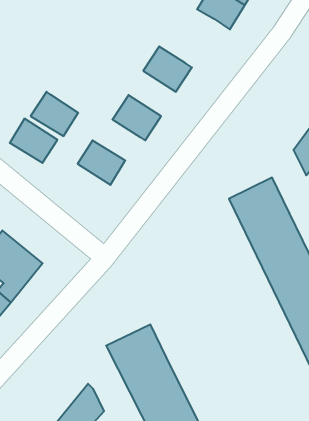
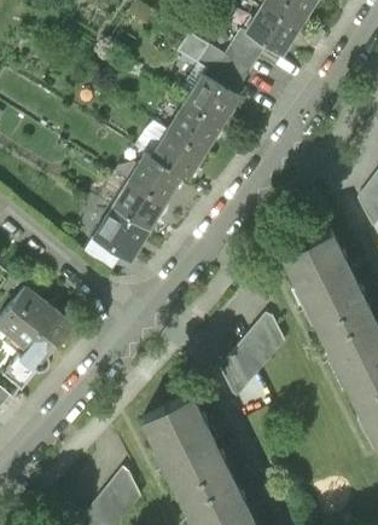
building: none -> [178,30,264,97]
building: none -> [167,105,221,157]
building: [31,92,78,136] -> [126,157,180,208]
building: [10,119,57,163] -> [92,212,146,262]
building: none -> [219,308,283,397]

